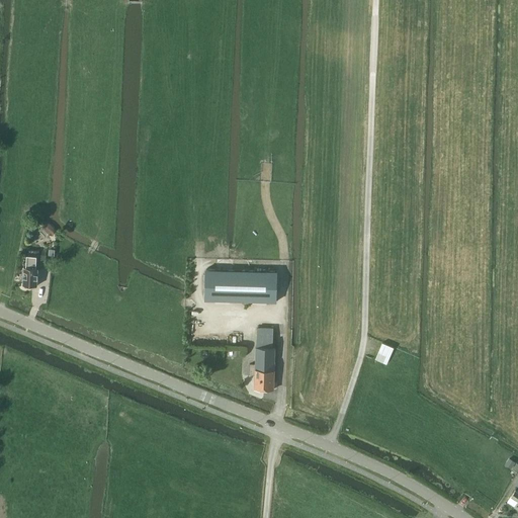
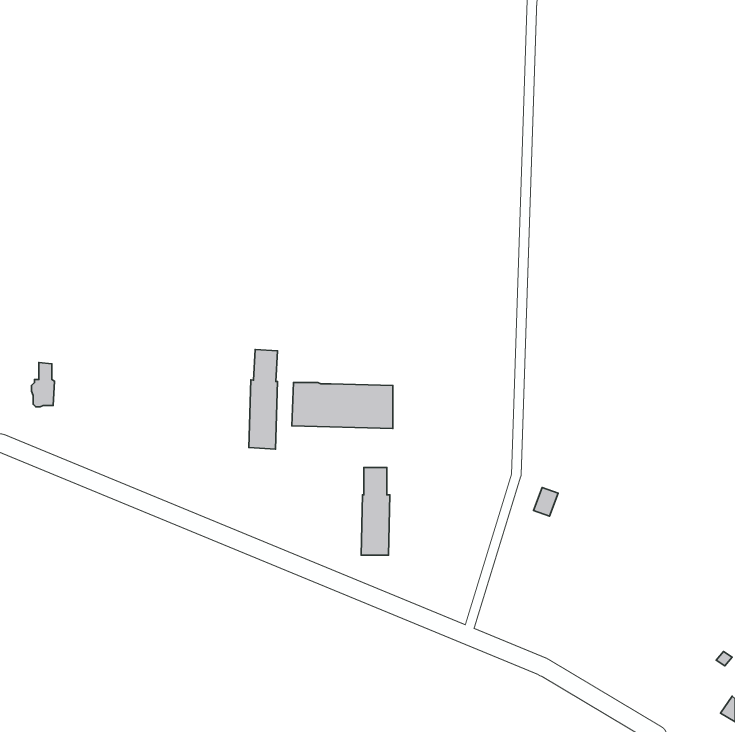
building: none -> [249,349,278,449]

